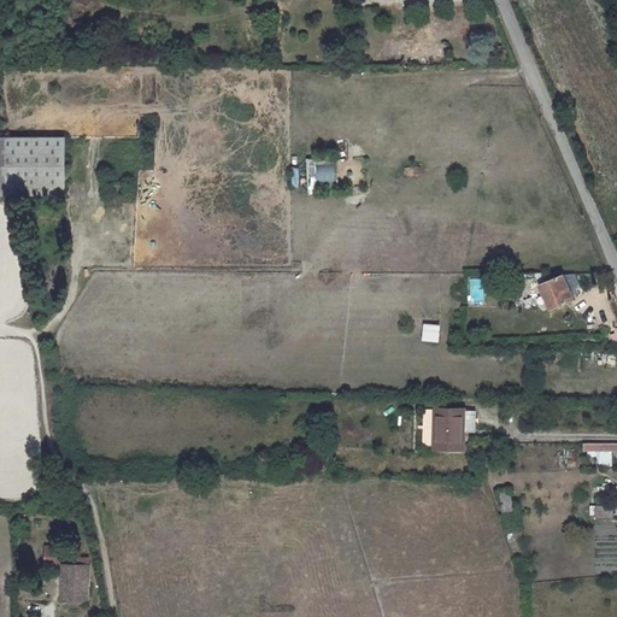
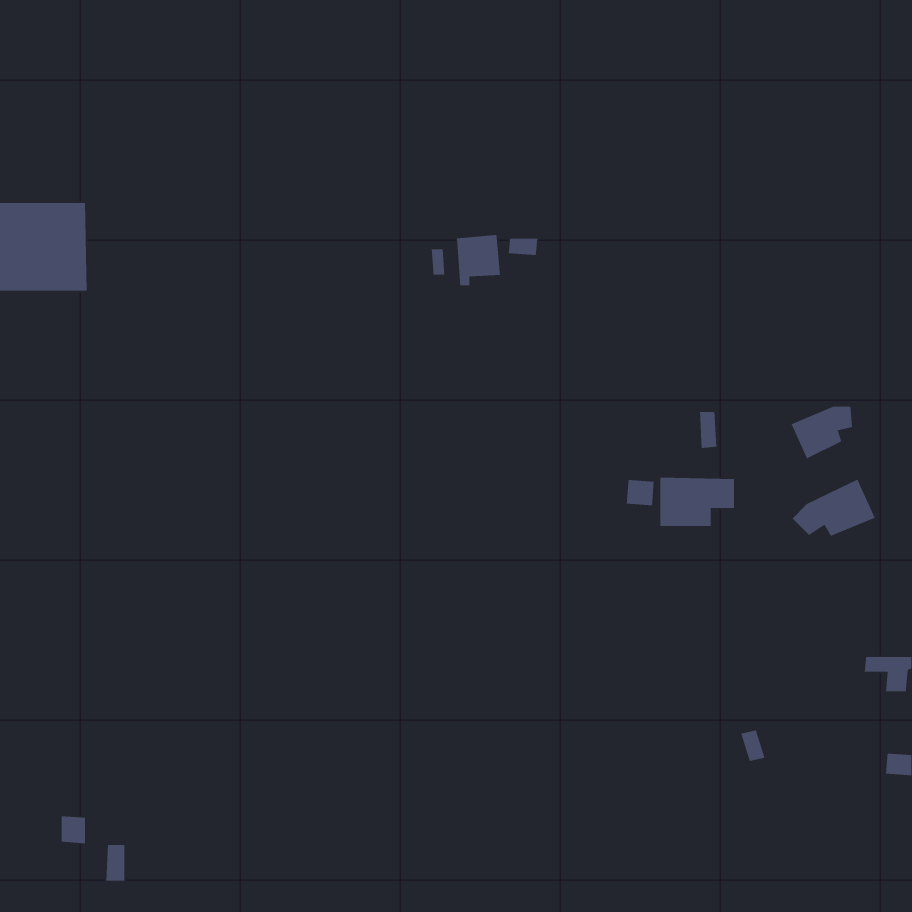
building: none -> [792,478,876,537]
building: [429,405,480,439] -> [660,477,735,527]

